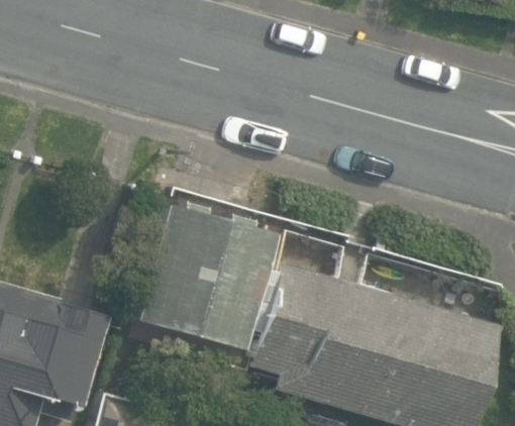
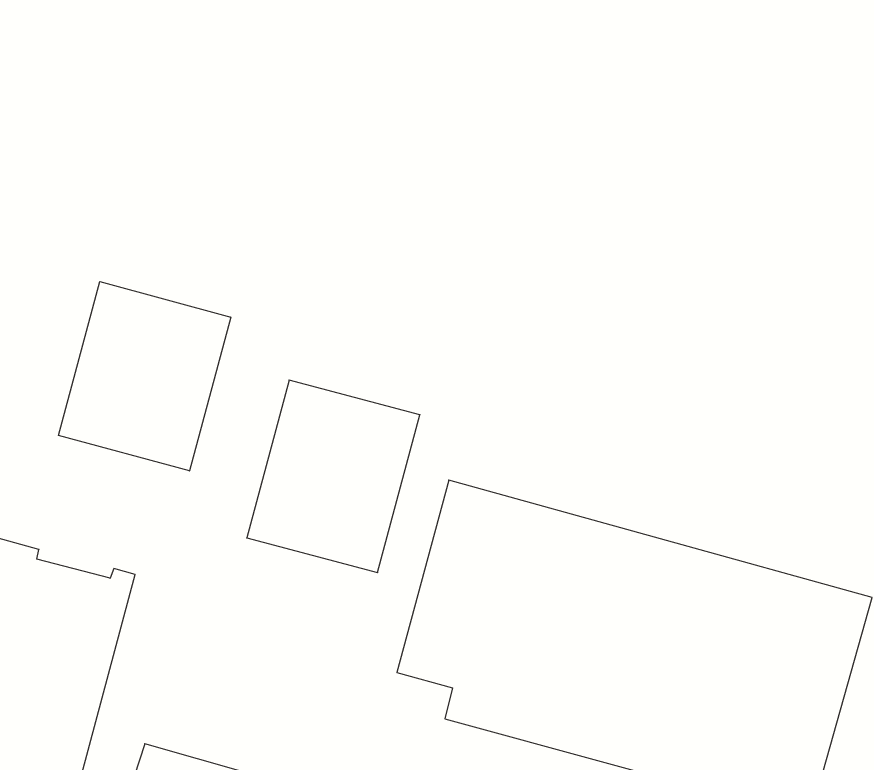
building: none -> [59,282,231,471]

